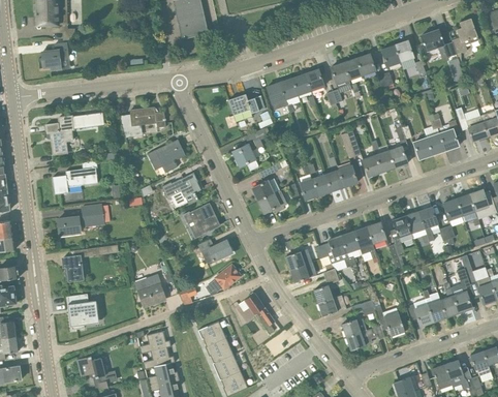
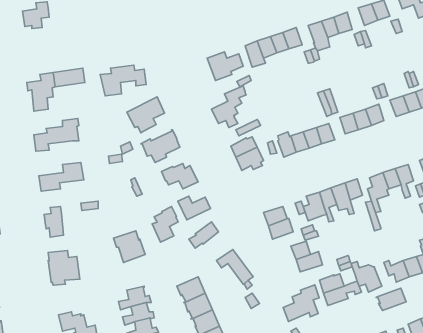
building: none -> [152,207,178,242]
building: none -> [283,285,319,321]
building: none -> [376,288,406,311]

